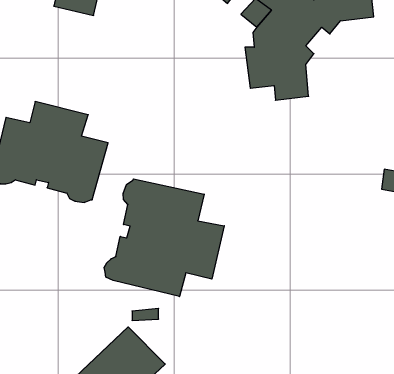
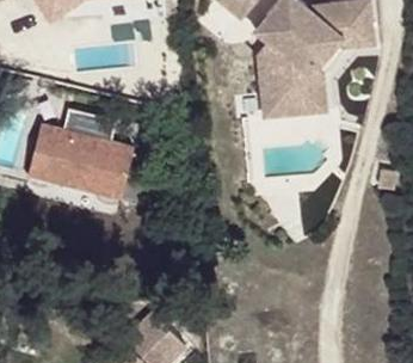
building: none -> [261,32,374,117]
building: [104,179,224,297] -> none

